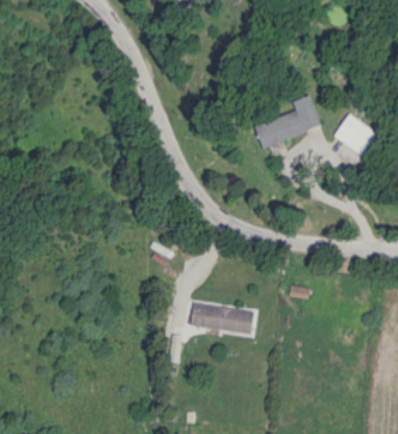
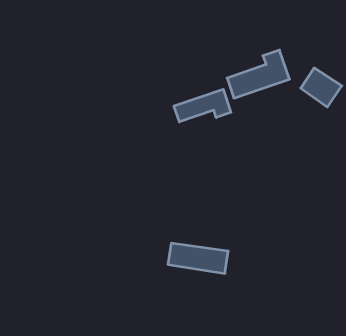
building: none -> [174,89,231,122]

